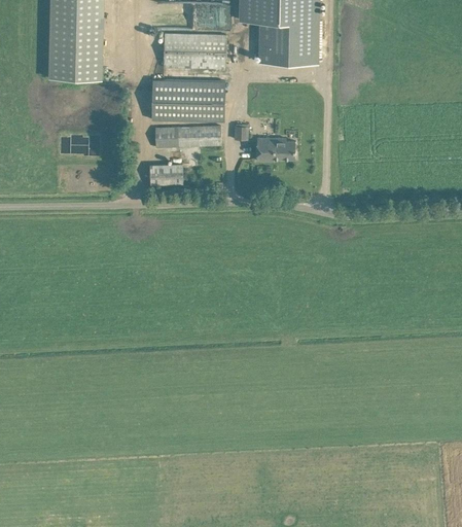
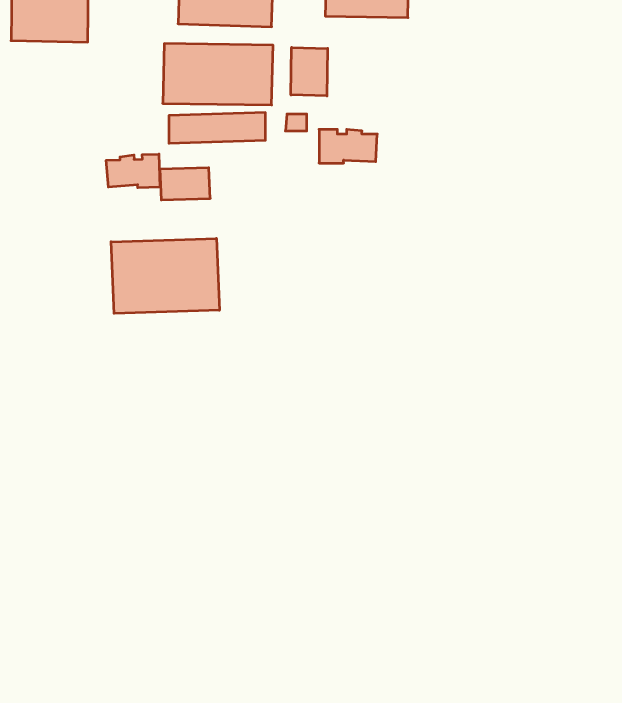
building: none -> [291,47,328,96]
building: none -> [106,154,160,188]
building: none -> [111,238,219,313]

